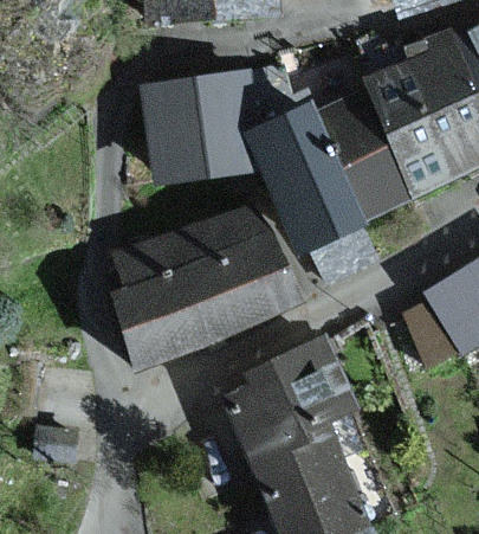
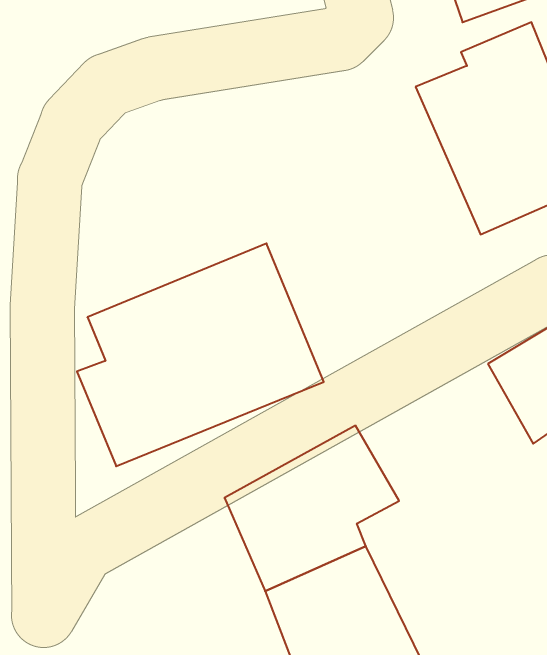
building: [137,66,266,186] -> none
building: [265,90,419,247] -> none

